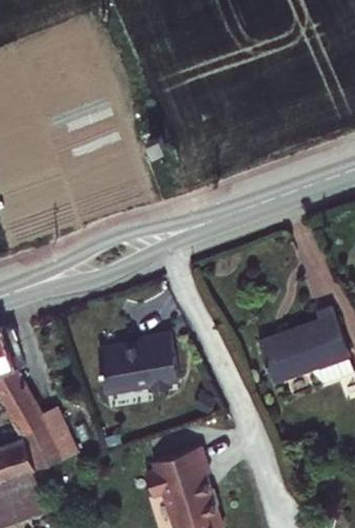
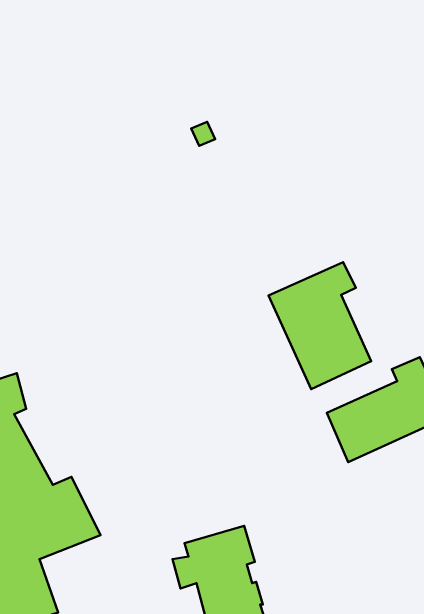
building: none -> [269,262,371,389]
building: [97,334,176,393] -> none

